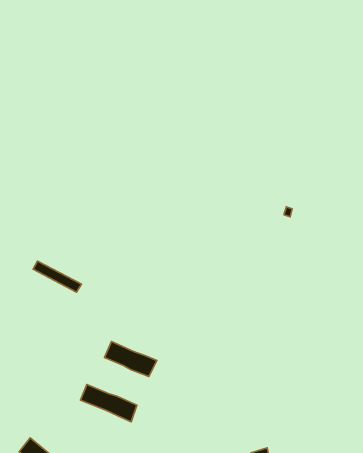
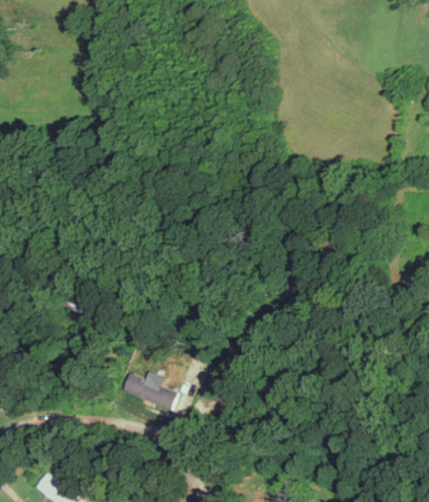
building: [81,385,137,422] -> none

